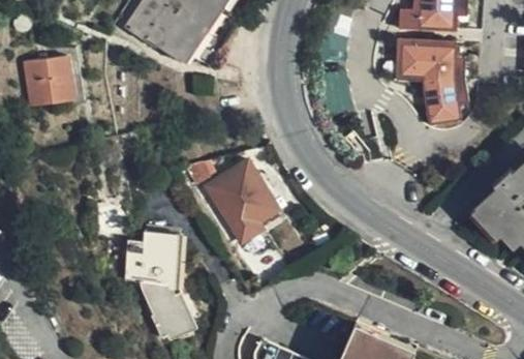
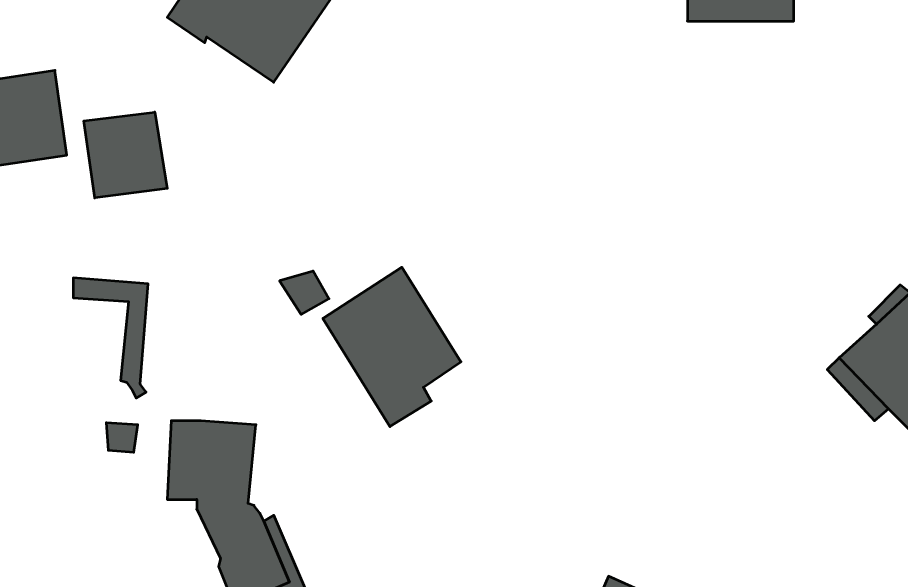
building: [395,39,464,123] -> none
building: none -> [84,112,167,198]
building: [144,231,183,294] -> [73,278,148,398]

